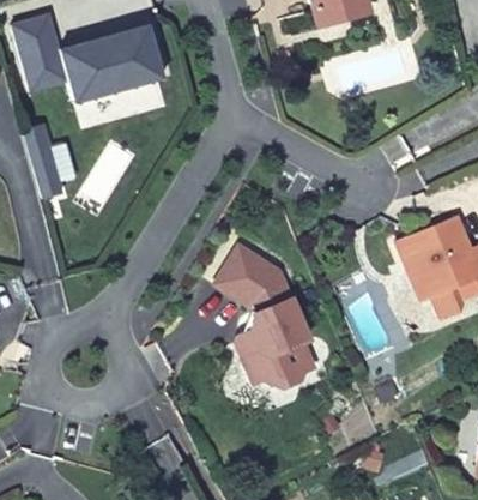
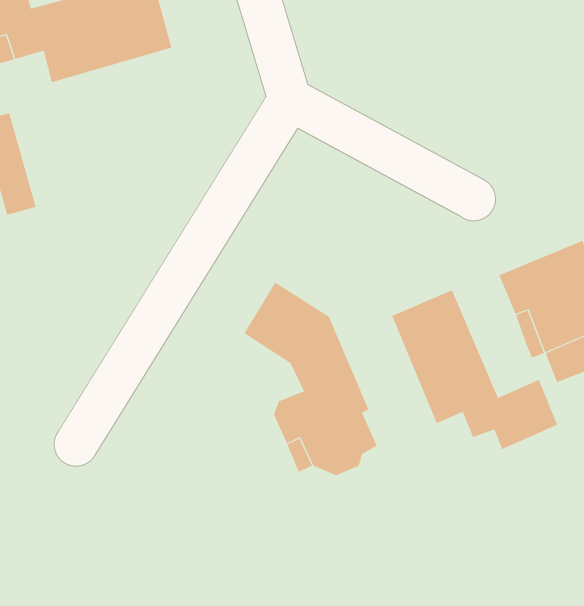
building: none -> [392,289,558,450]

